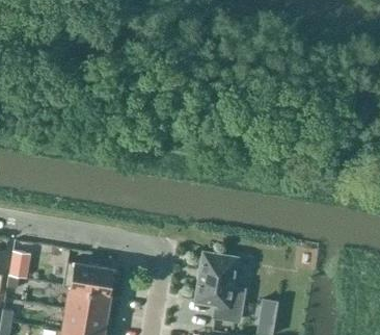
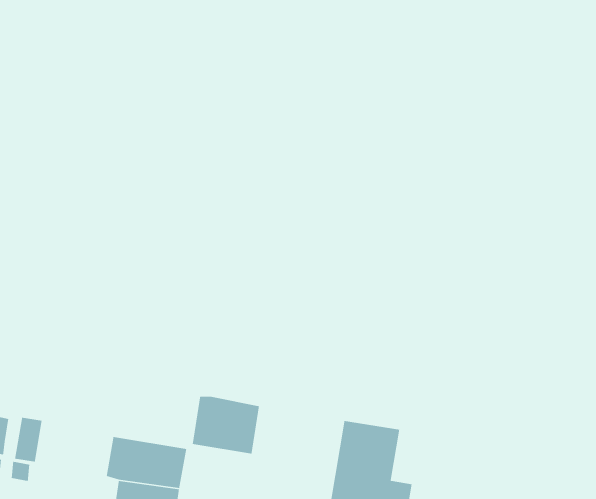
building: none -> [192,396,260,454]

